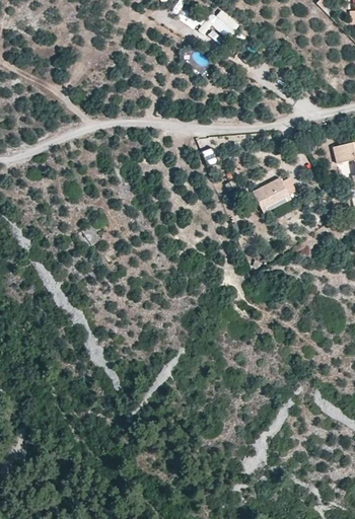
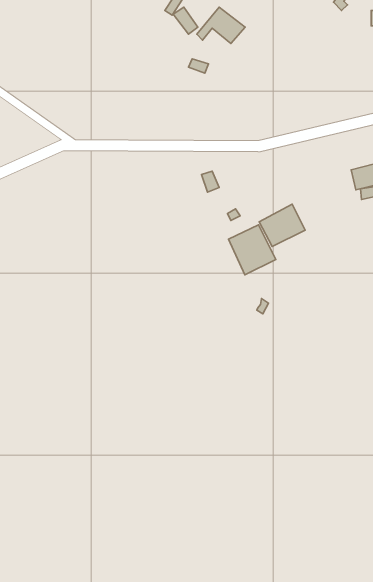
building: none -> [229,225,276,275]

